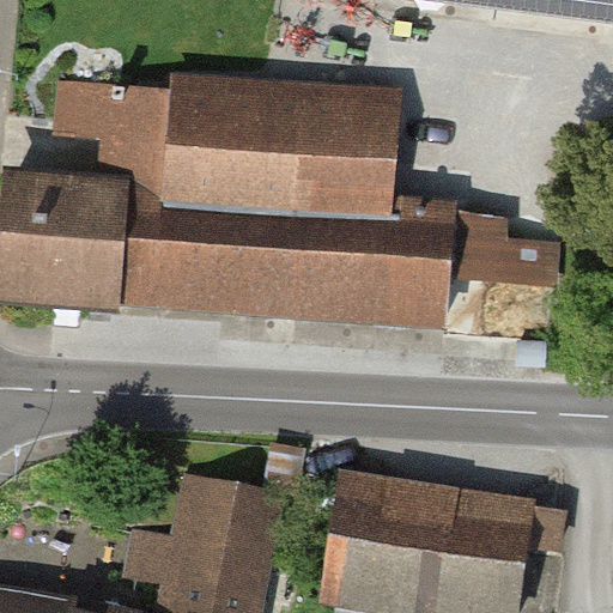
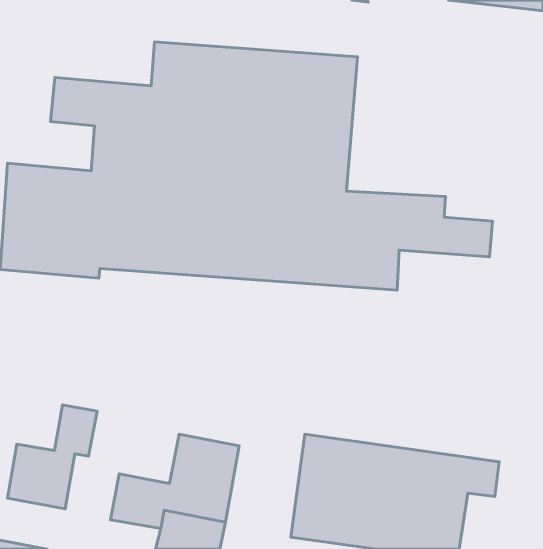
building: none -> [8,405,97,509]

